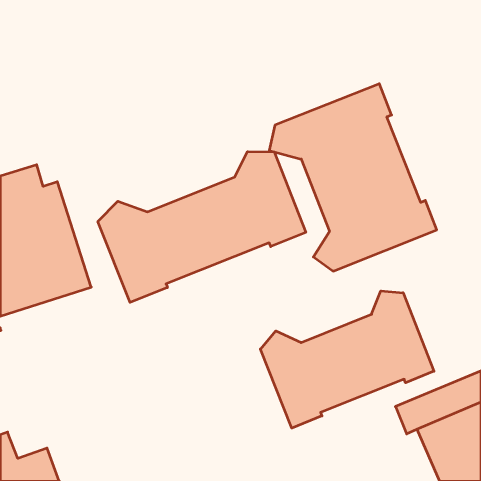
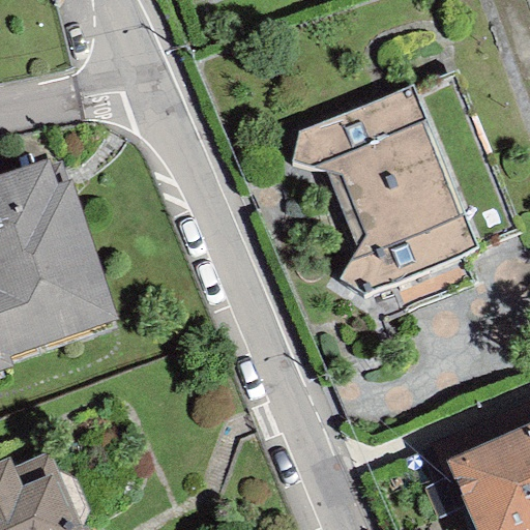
building: [98,152,306,302] -> none
building: [260,291,434,428] -> none

